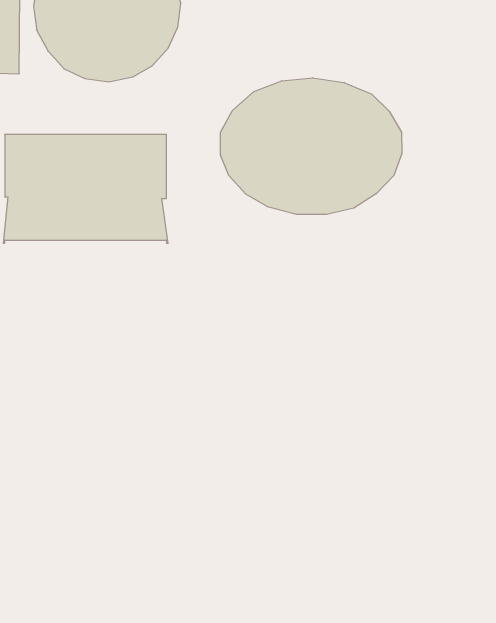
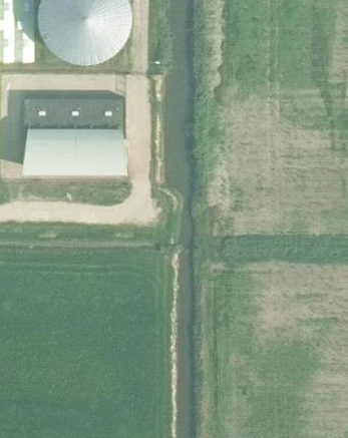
building: [221,78,402,214] -> none

